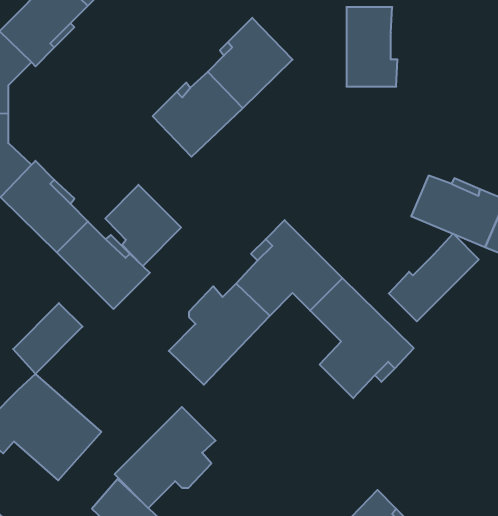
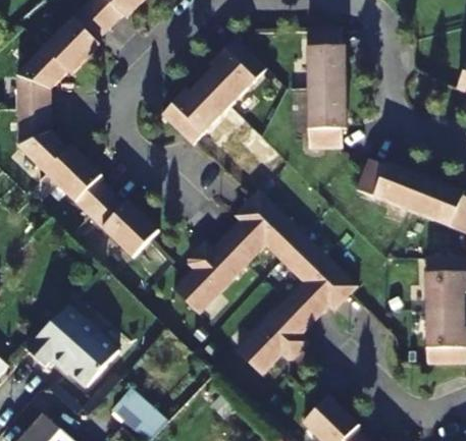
building: none -> [305,91,344,151]
building: [105,185,181,266] -> none
building: [389,234,479,321] -> none
building: [13,303,83,374] -> none
building: [115,407,216,508] -> [235,300,311,377]

